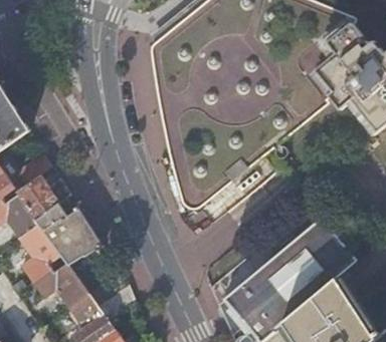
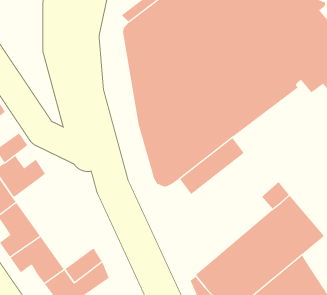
building: [37,200,103,266] -> none

